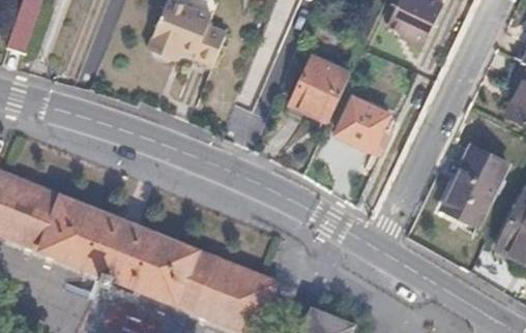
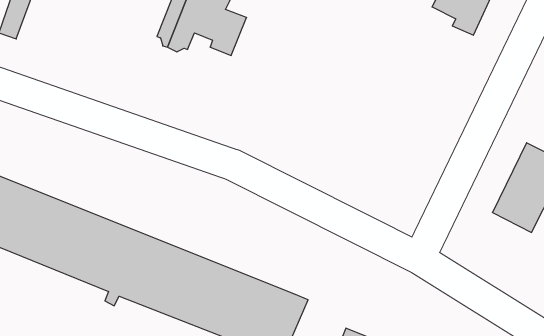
building: [289,57,349,122] -> none
building: [335,98,388,150] -> none

